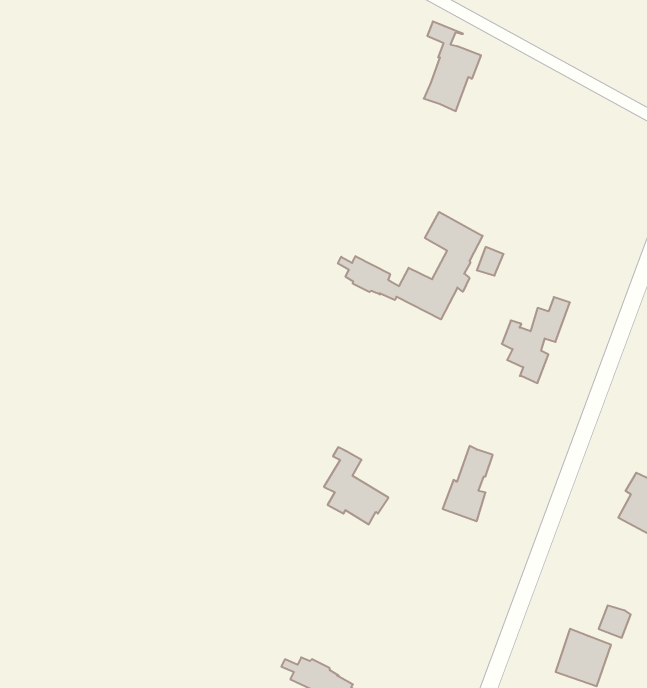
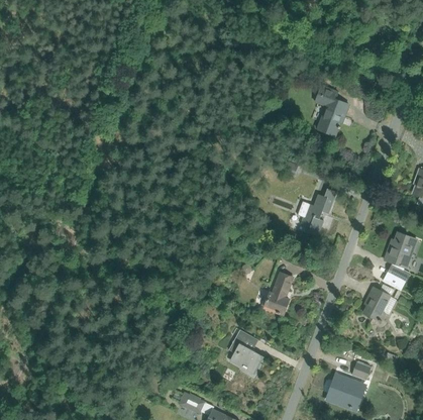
building: [424,21,481,111] -> [317,86,349,136]
building: [338,212,483,319] -> none
building: [324,447,388,524] -> [228,328,265,372]

